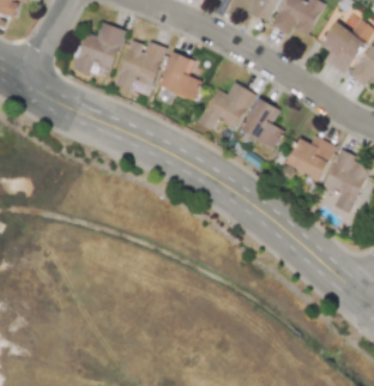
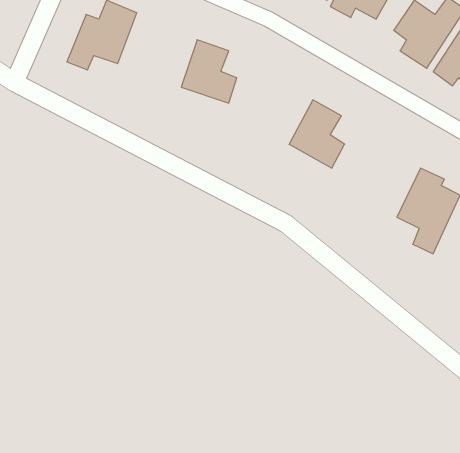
building: [116,40,165,90] -> none
building: [200,83,254,129] -> none
building: [288,135,337,180] -> none

